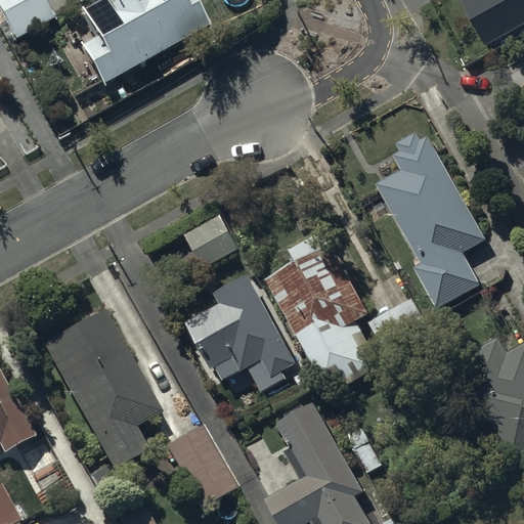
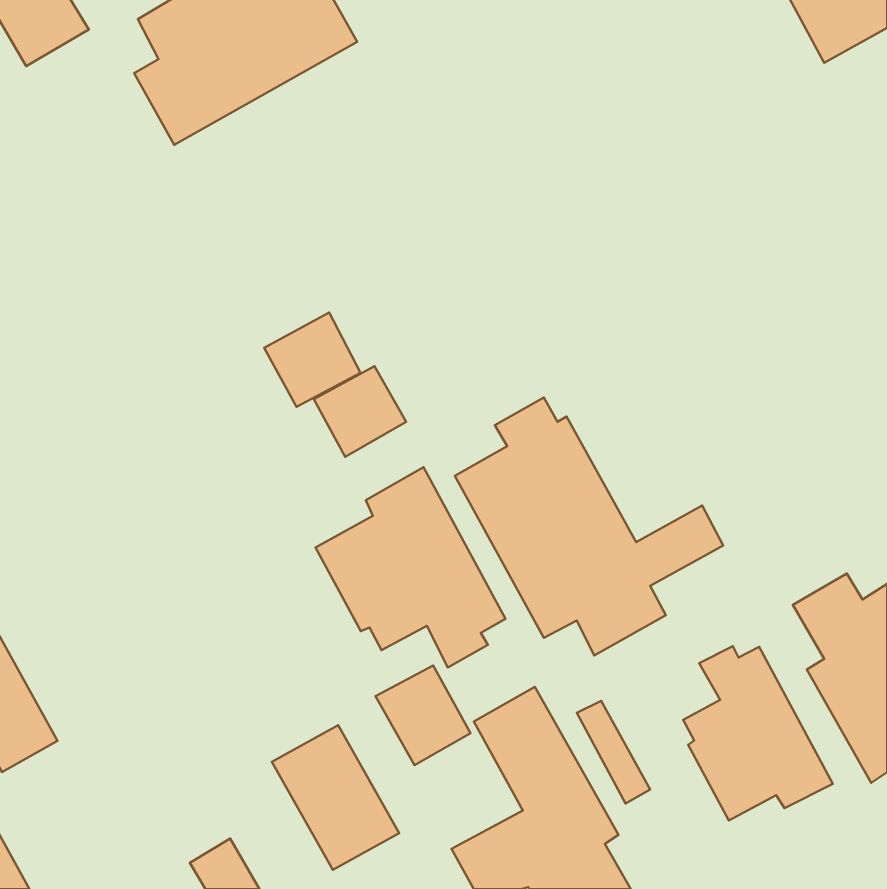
building: [377,132,486,307] -> none
building: none -> [264,312,361,407]
building: [42,311,160,471] -> none
building: none -> [683,646,833,821]
building: none -> [376,665,471,765]

